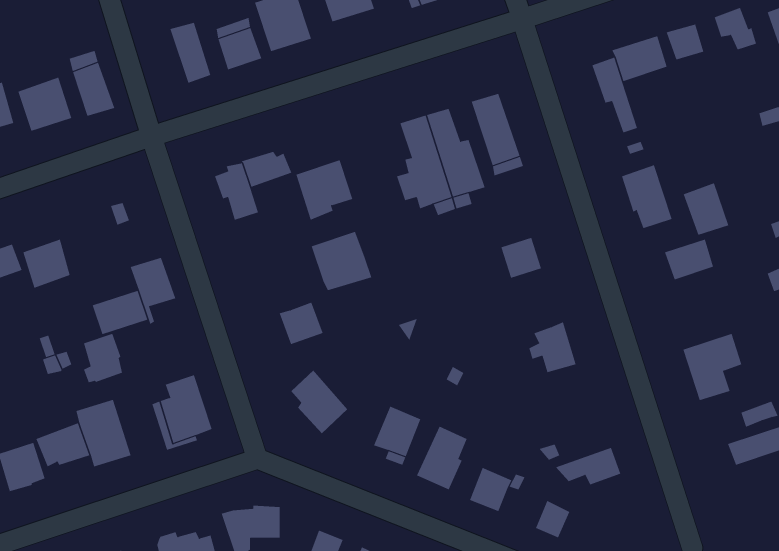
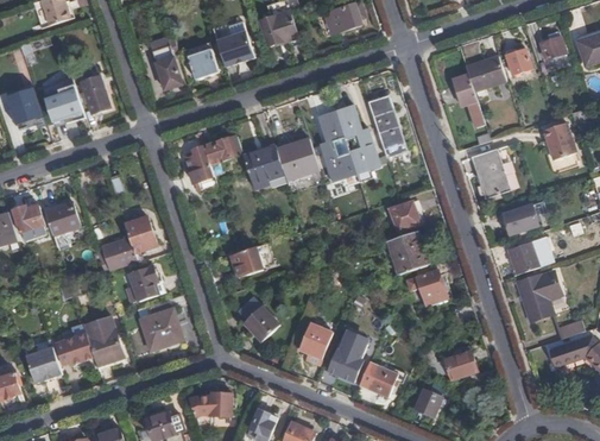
building: [683,182,729,235] -> [545,120,579,158]
building: [311,231,372,291] -> [274,138,318,181]
building: none -> [386,232,425,275]
building: none -> [507,241,539,275]
building: [83,333,123,383] -> [130,266,158,302]

